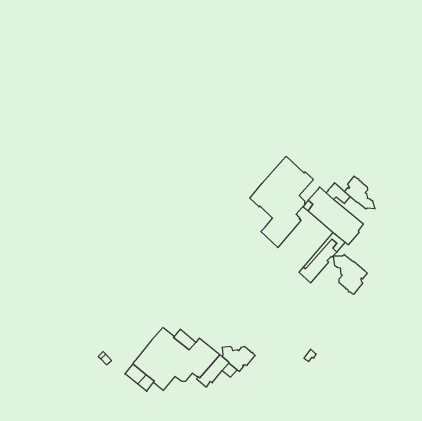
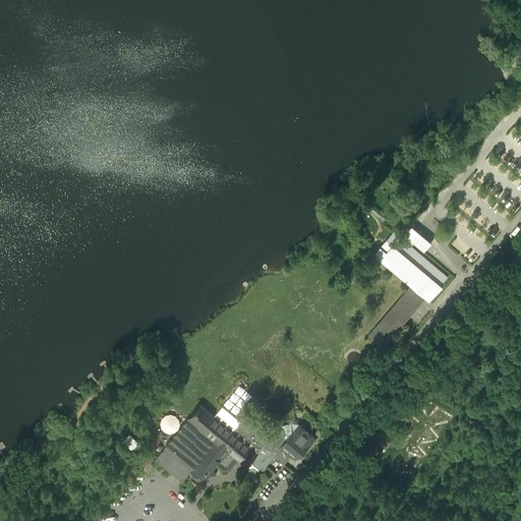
building: [250,157,313,248] -> none
building: [345,176,375,209] -> none
building: [333,254,367,294] -> none

